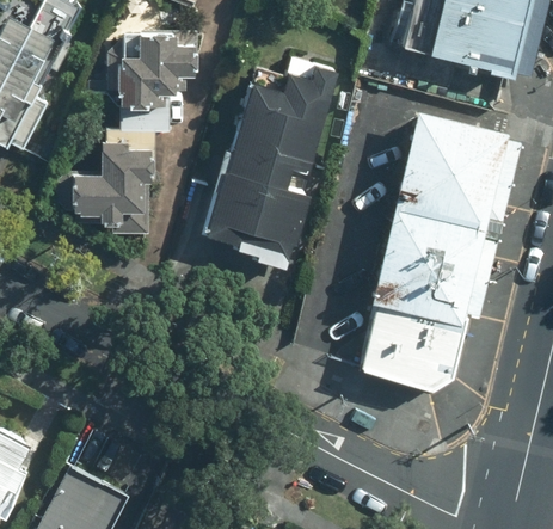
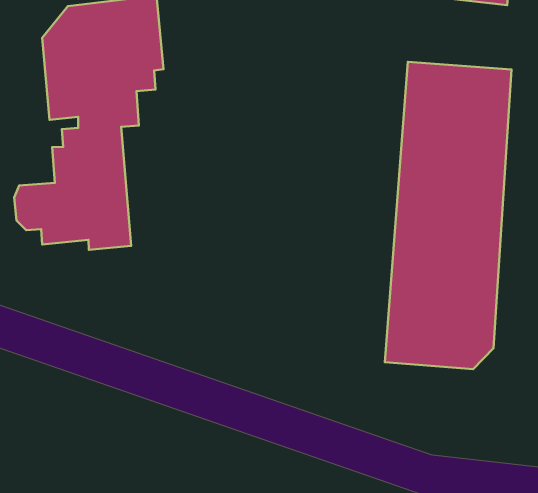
building: [205,63,344,270] -> none

